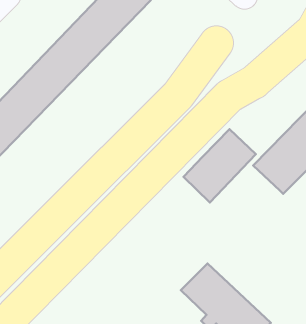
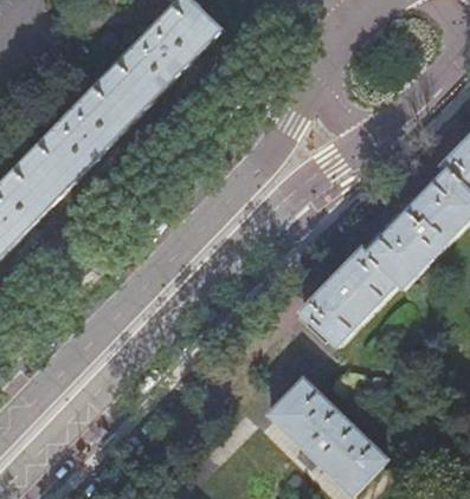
building: [183,129,256,203] -> [301,248,398,346]

